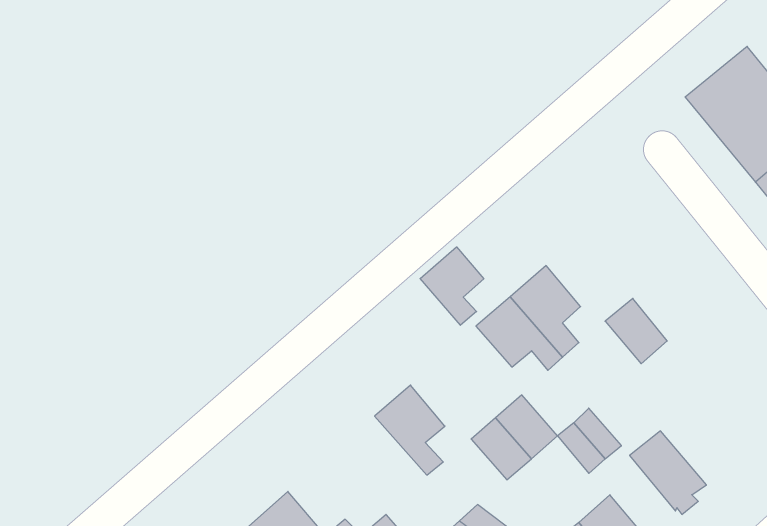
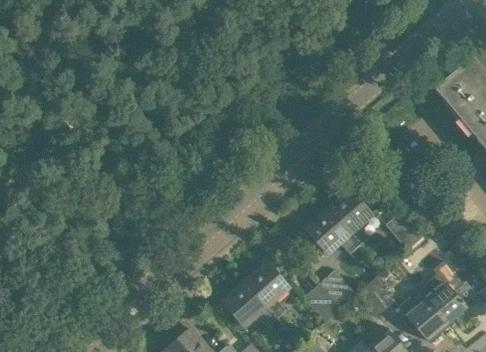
building: [420,247,484,325] -> none
building: none -> [419,262,466,325]
building: none -> [223,283,276,327]

